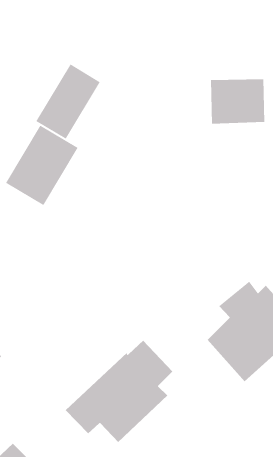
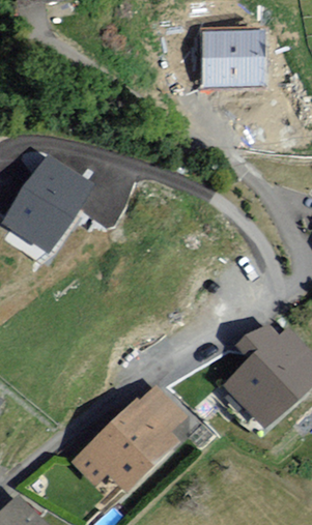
building: [36,64,101,140] -> none
building: [210,79,265,124] -> [204,30,263,79]

